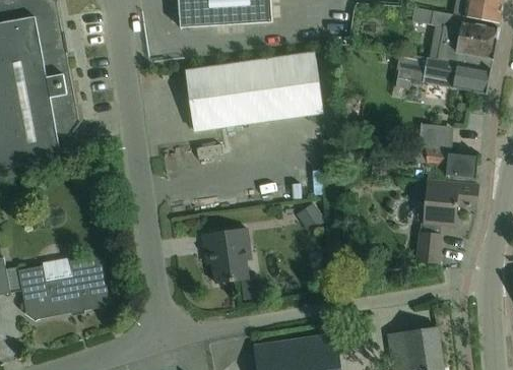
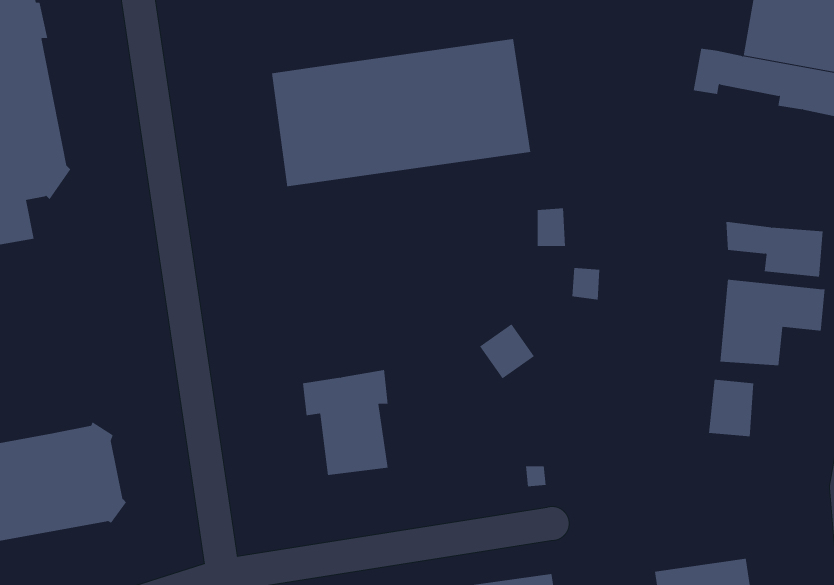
building: [426,125,452,151] -> none

